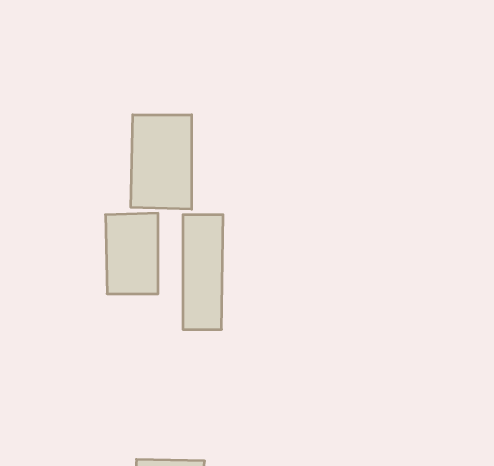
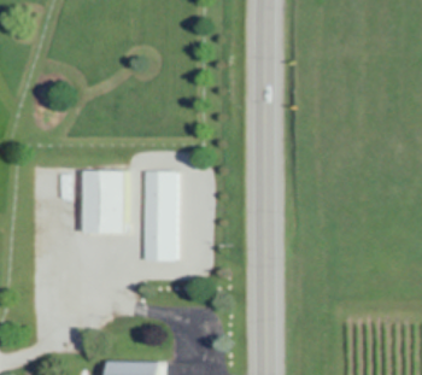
building: [131,115,192,209] -> none

